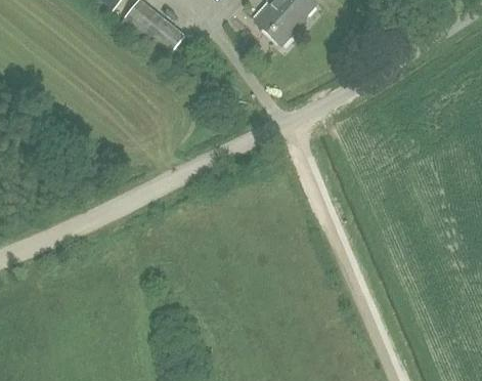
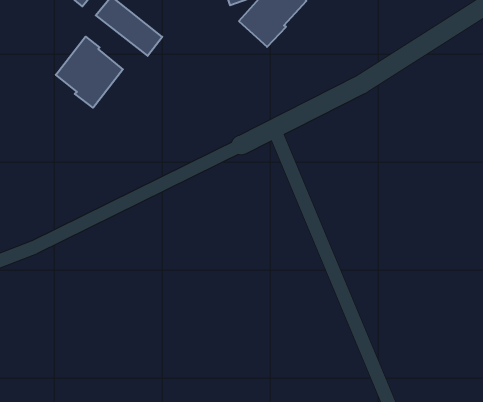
building: none -> [56,37,123,108]

